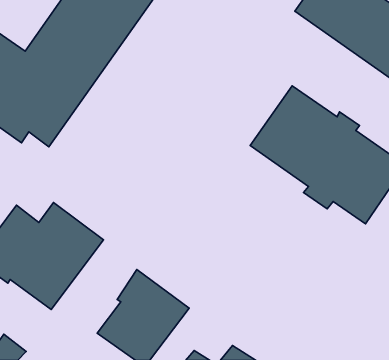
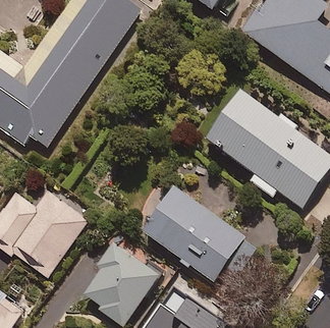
building: none -> [144,188,255,279]

